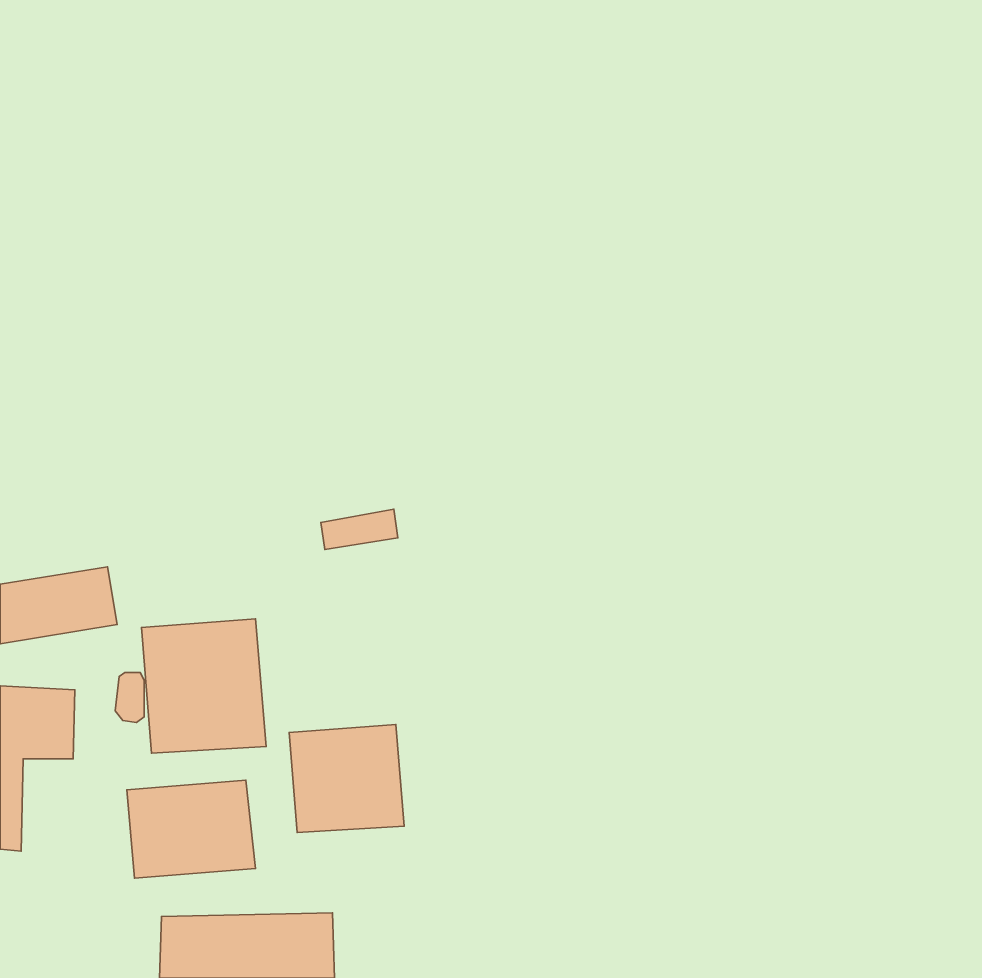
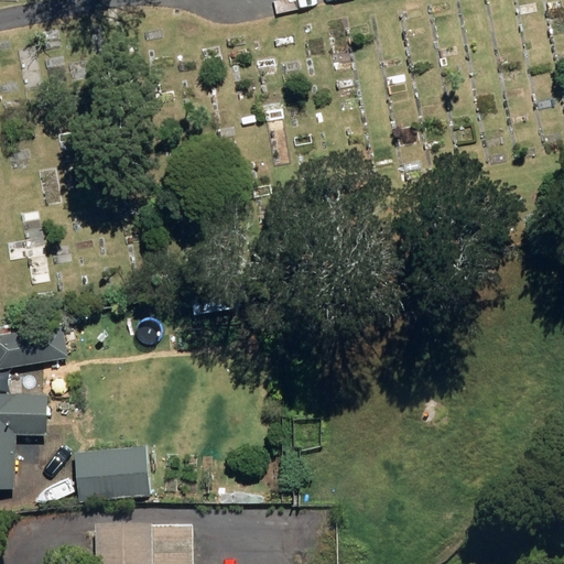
building: [141,619,266,753] -> none
building: [289,724,404,833] -> none

